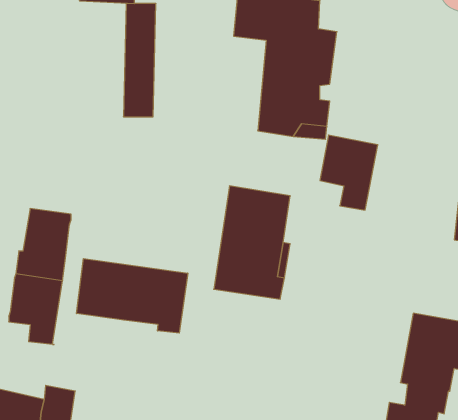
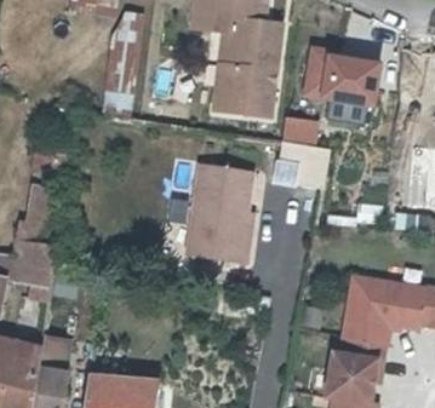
building: none -> [297,45,378,110]
building: [77,259,188,333] -> none

